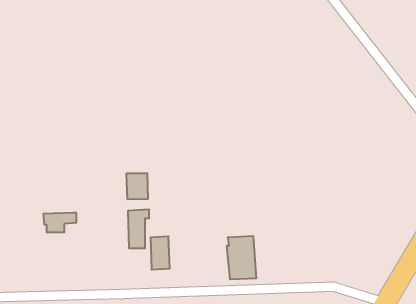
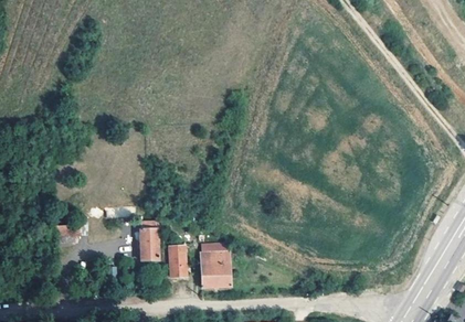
building: [127,173,148,199] -> none
building: [227,236,257,279] -> [200,244,231,288]

